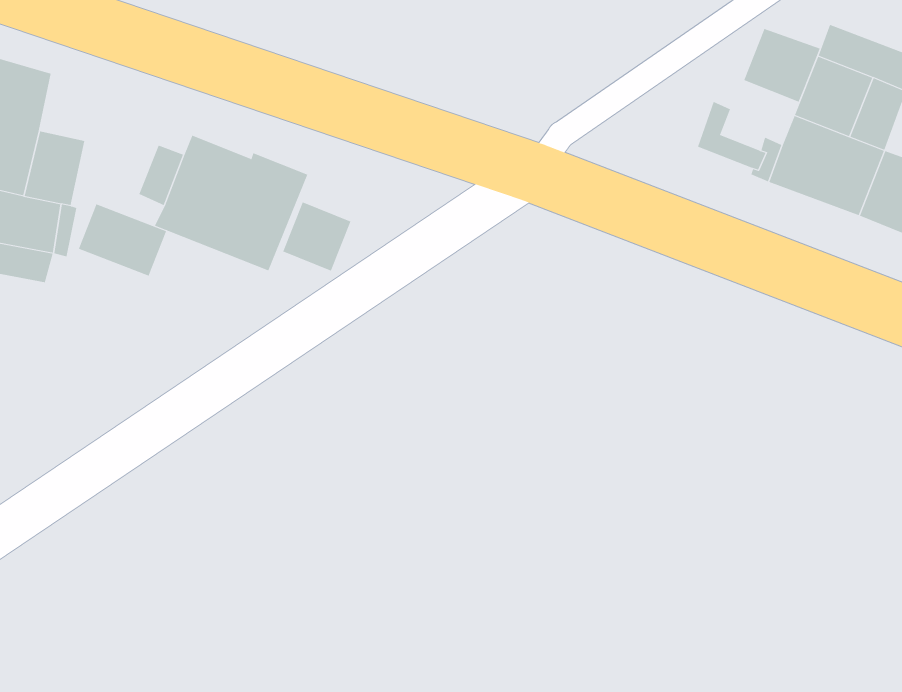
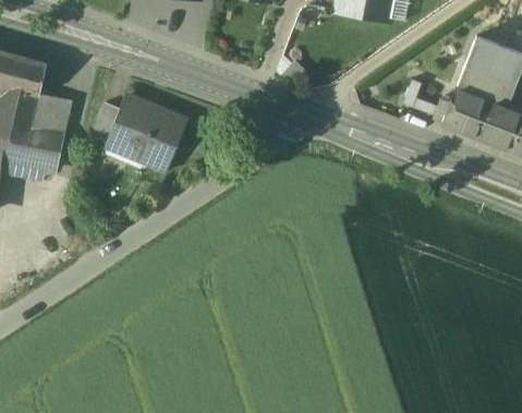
building: [743,28,821,103] -> none
building: [283,201,351,271] -> none
building: [78,204,167,276] -> none

